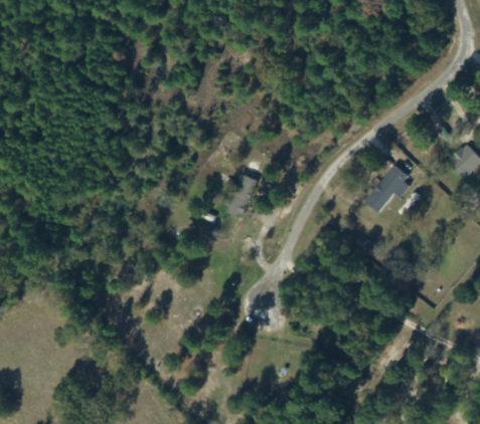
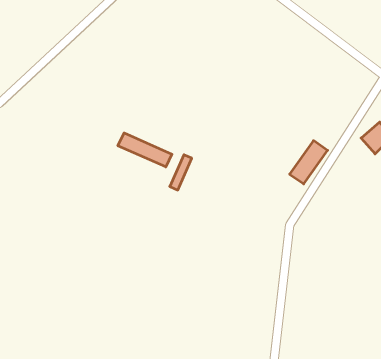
building: none -> [118,133,172,167]

